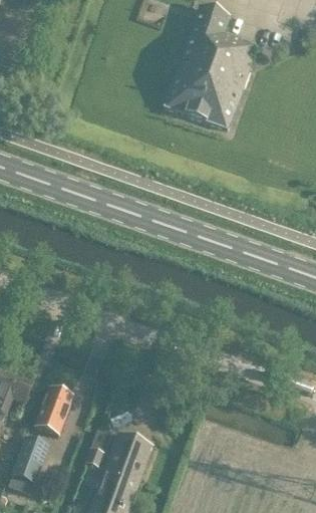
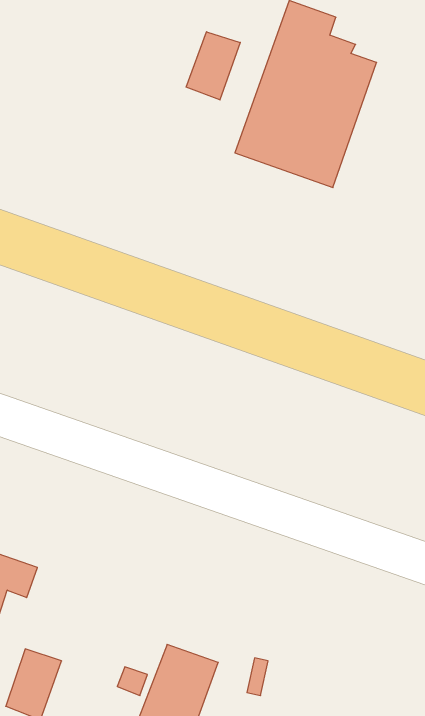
building: none -> [186,32,240,100]
building: [36,388,74,436] -> none

